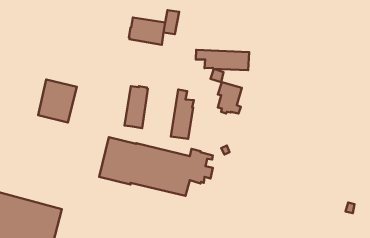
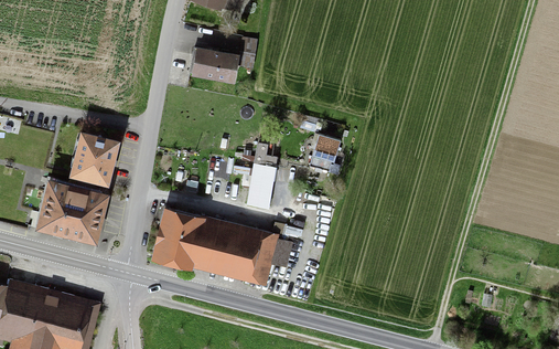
building: [196,50,249,70] -> none
building: [125,86,148,128] -> none
building: none -> [34,179,109,245]

